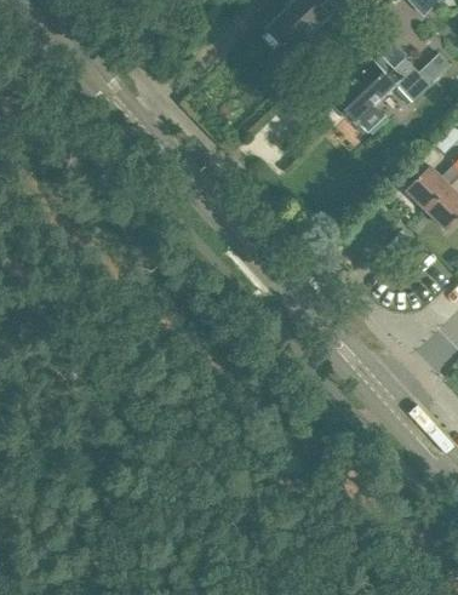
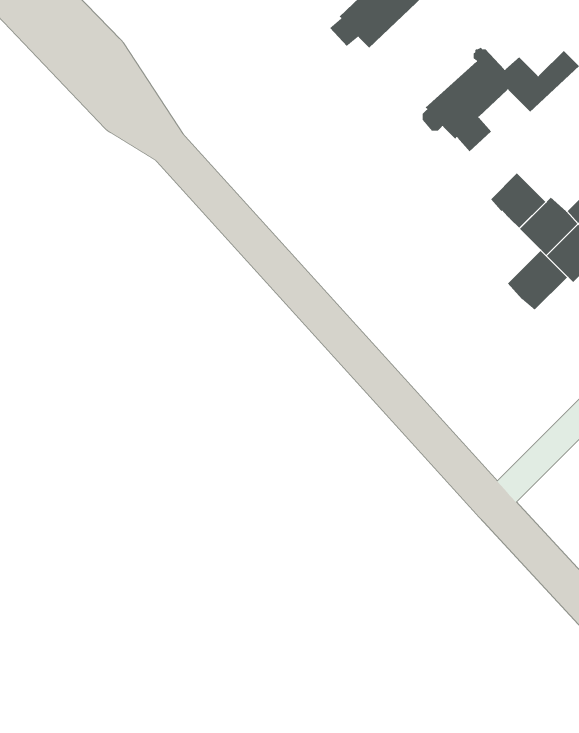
building: none -> [490,173,546,229]
building: none -> [507,250,568,311]

